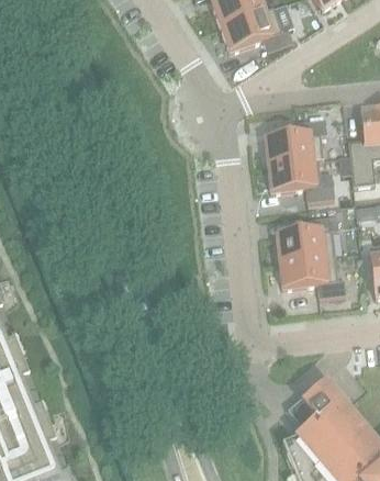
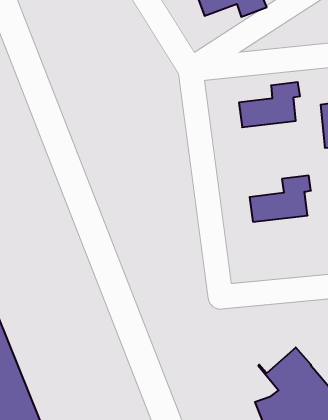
building: [267,156,334,199] -> none
building: [278,253,345,294] -> none

